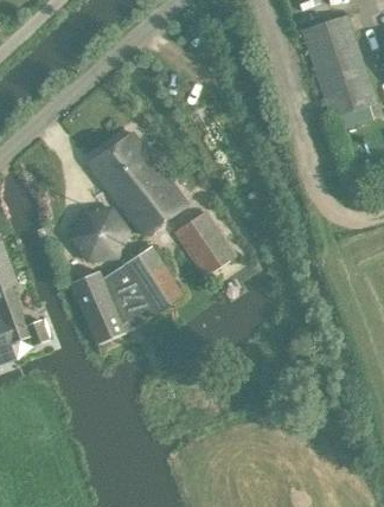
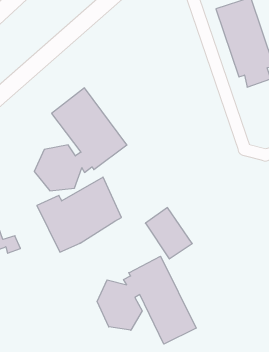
building: [174,210,235,276] -> [145,208,192,259]
building: none -> [97,256,196,344]

